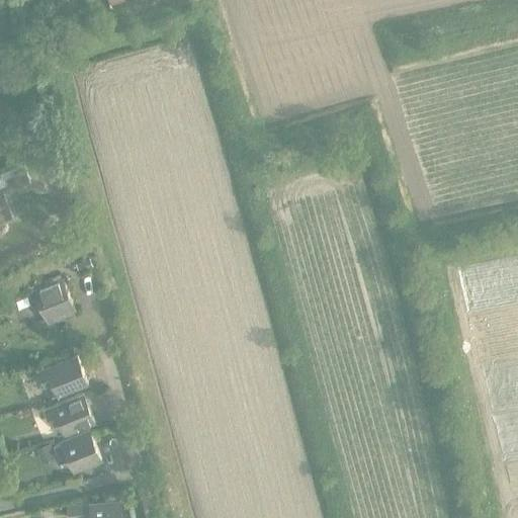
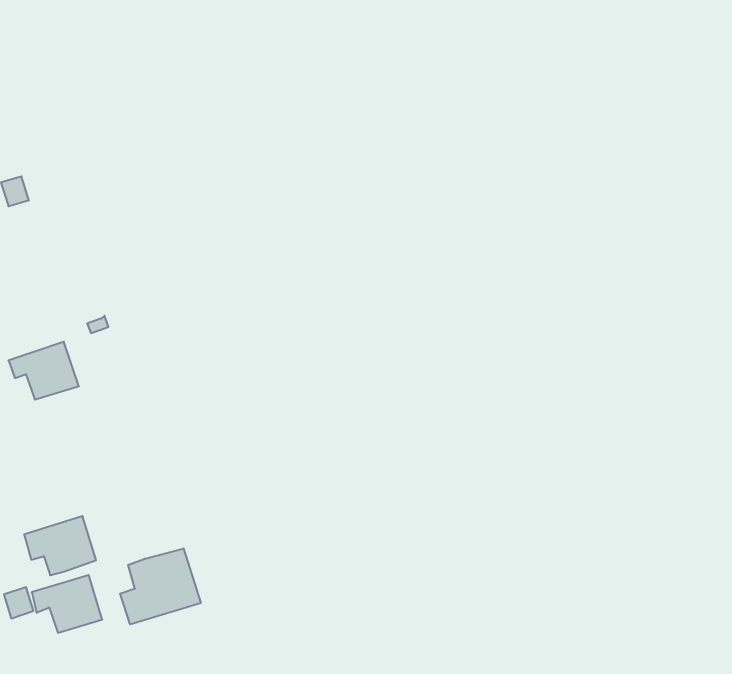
building: [36,359,86,400] -> none
building: none -> [120,548,201,624]

